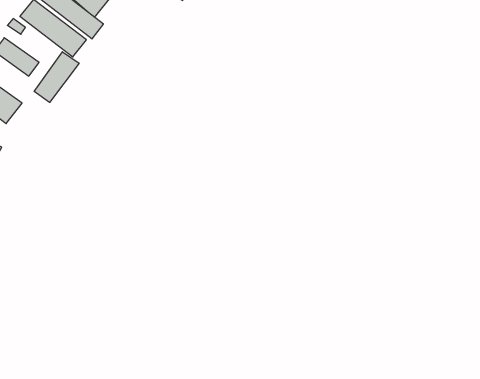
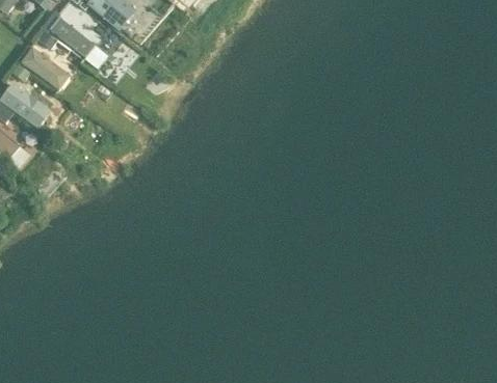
building: [34,52,79,102] -> none

